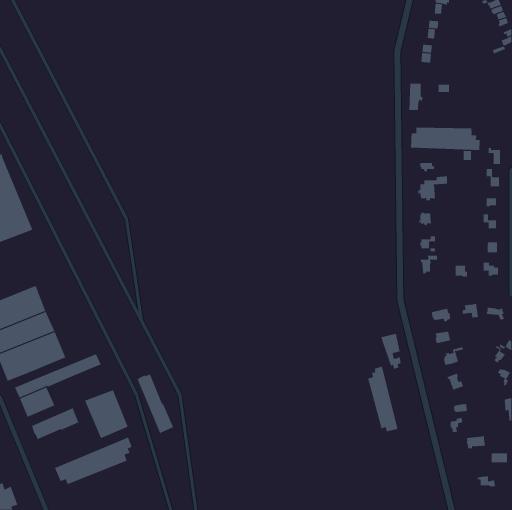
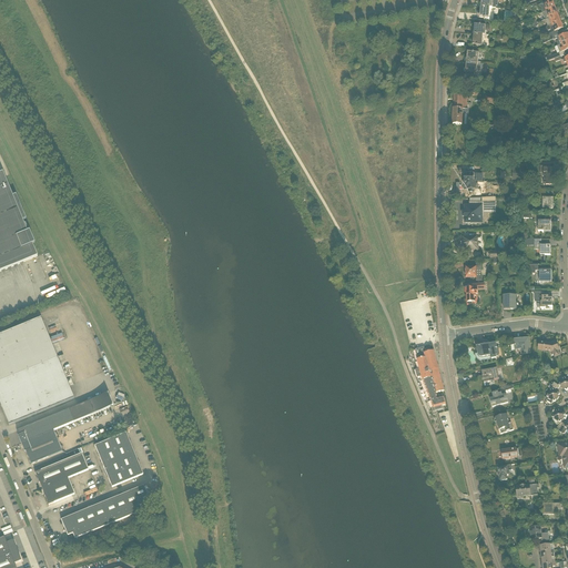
building: [410,127,480,151] -> none
building: none -> [415,345,438,374]
building: [368,366,398,432] -> none
building: [137,373,174,434] -> none
building: none -> [41,475,73,503]

